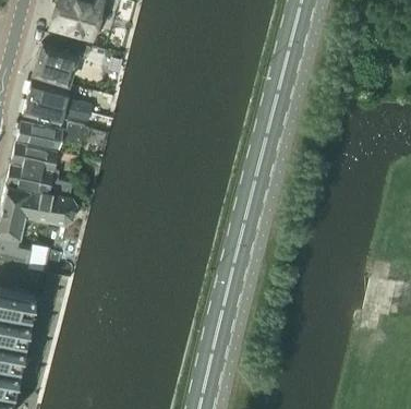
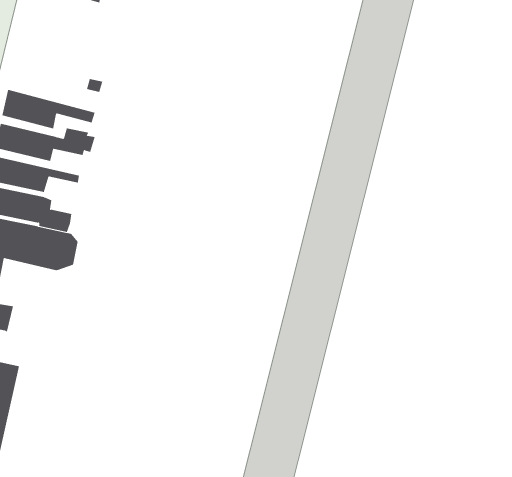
building: [34,38,90,84] -> none
building: [27,80,92,113] -> none

